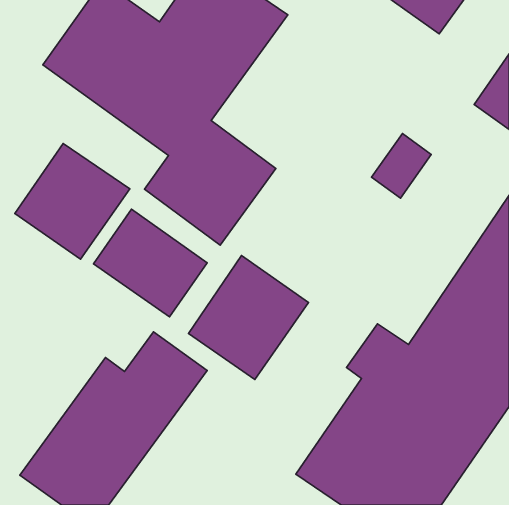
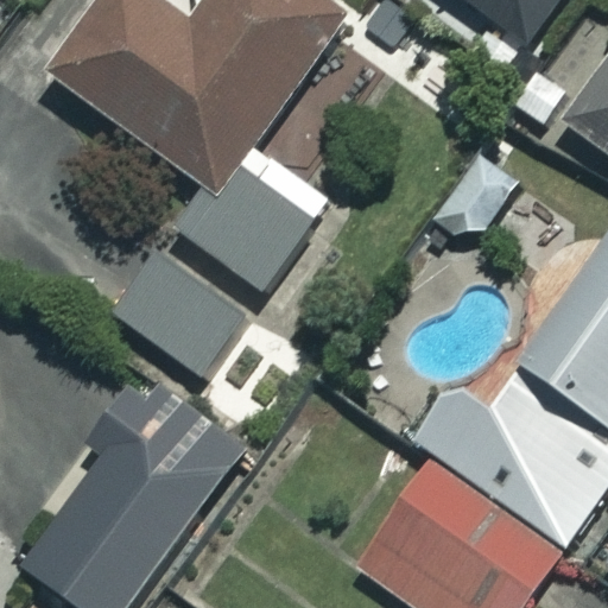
building: [15,144,130,259] -> none
building: [188,256,308,379] -> none

